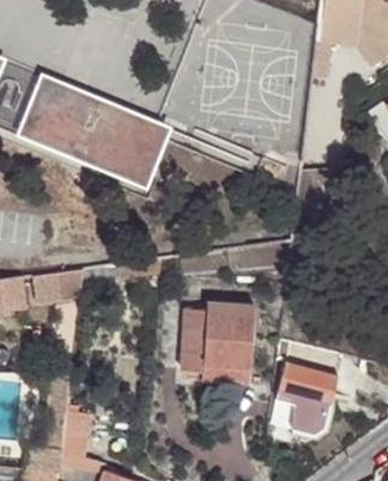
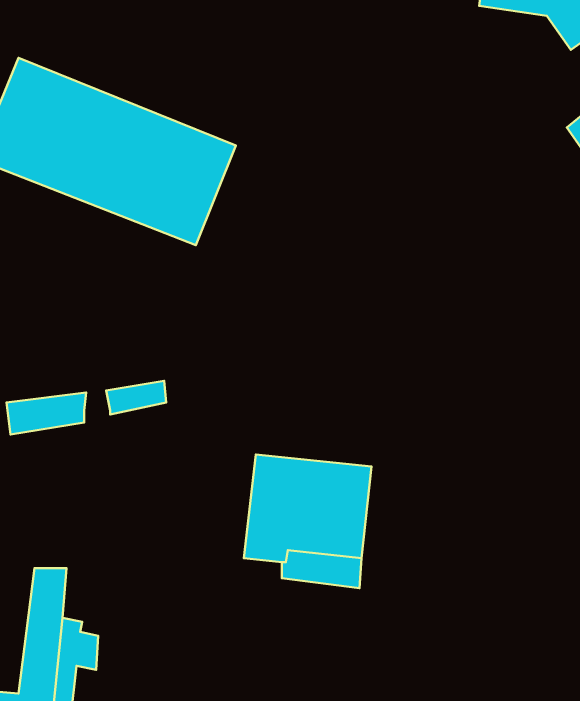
building: [269,345,339,436] -> none

